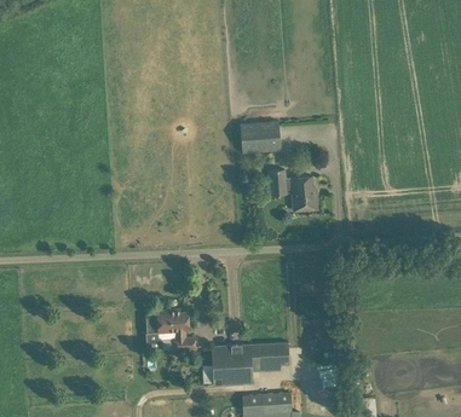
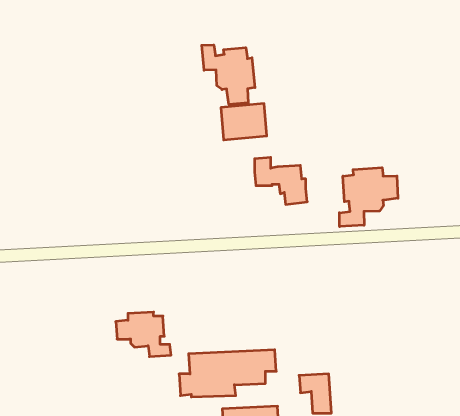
building: none -> [202,45,255,104]
building: none -> [339,168,398,227]

